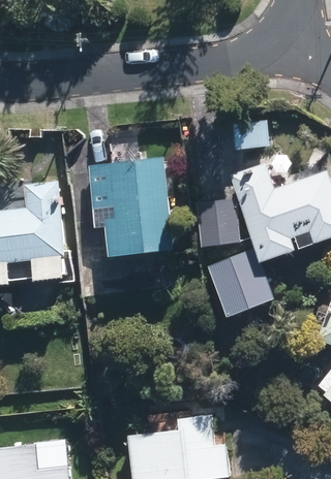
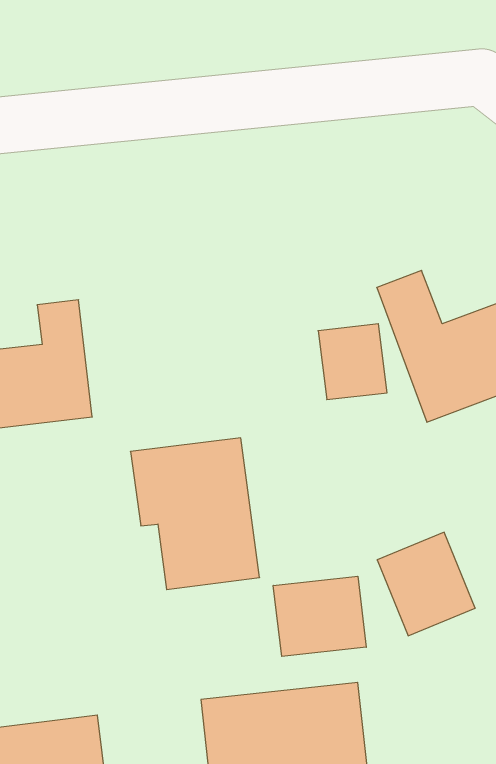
building: [91,165,169,256] -> [130,438,260,590]
building: [209,255,268,317] -> [377,532,475,636]
building: none -> [273,576,366,656]

